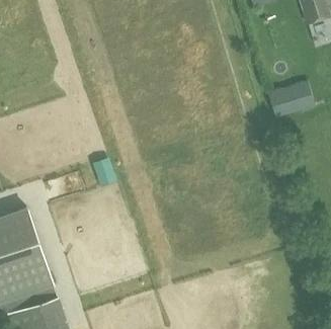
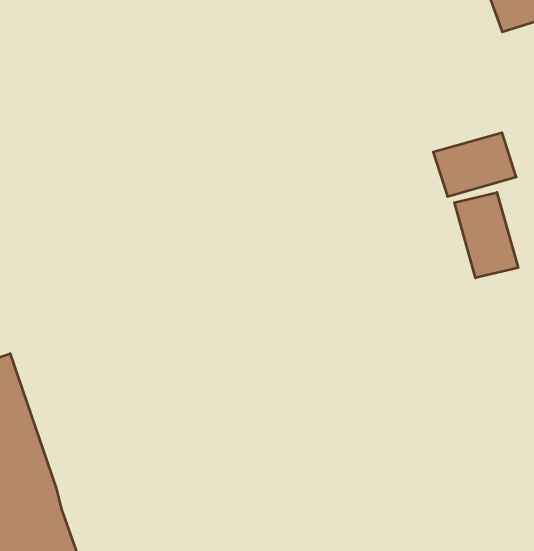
building: none -> [454,192,518,278]

